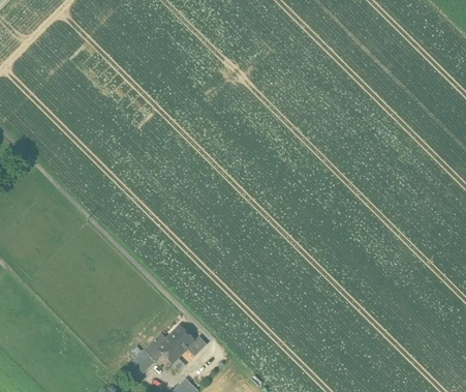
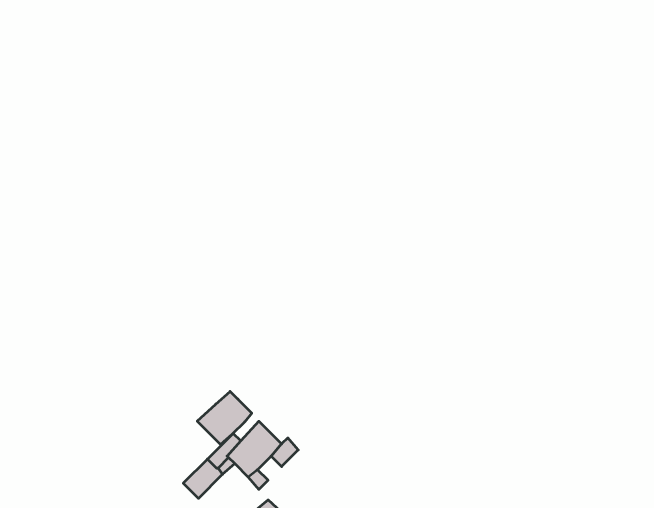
building: none -> [197,391,252,444]

